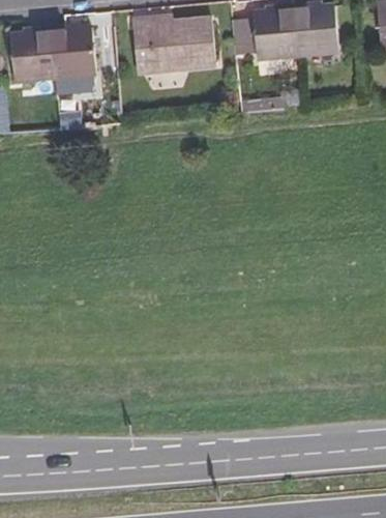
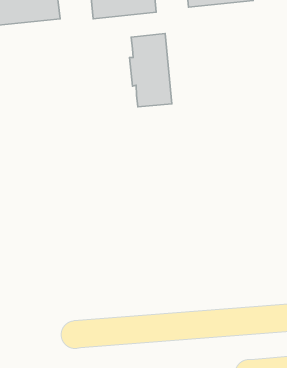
building: none -> [129,33,172,107]

